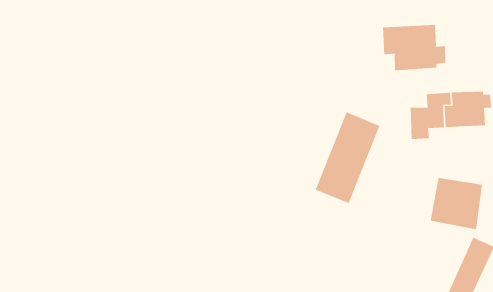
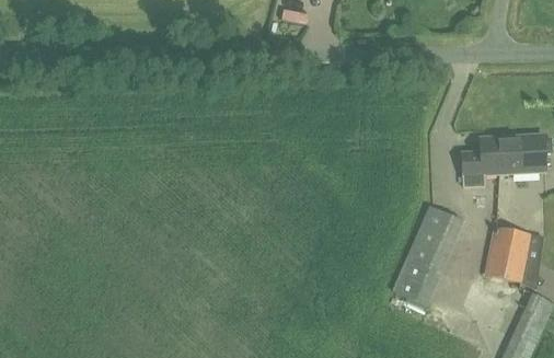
building: [382,24,446,71] -> none
building: [315,112,380,204] -> [397,201,469,302]

